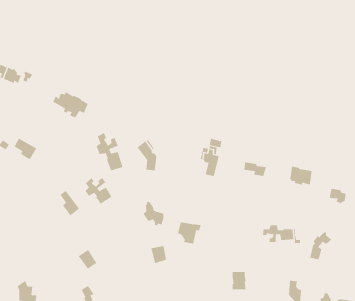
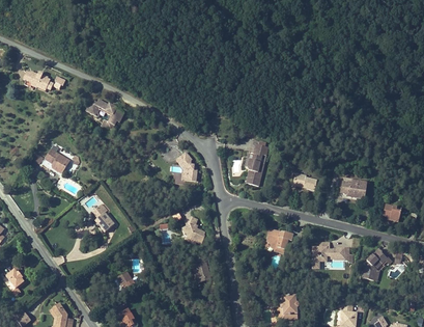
building: [96,132,123,171] -> none
building: [85,177,112,205] -> none
building: [177,222,202,244] -> [266,229,292,253]

